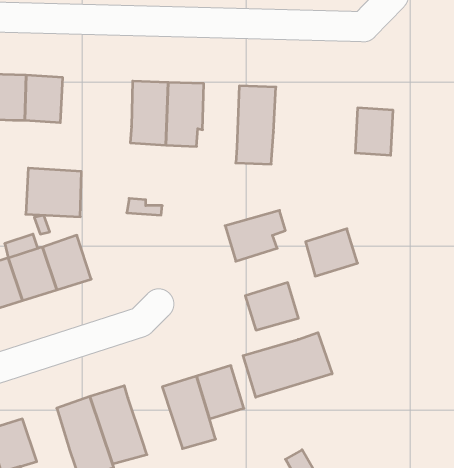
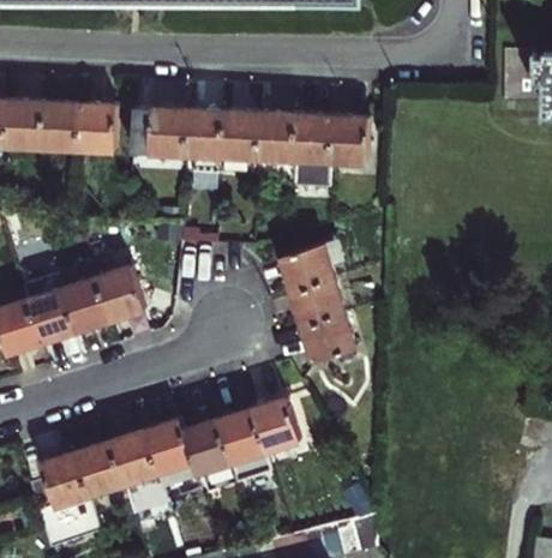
building: none -> [256,112,294,176]
building: [355,108,393,155] -> [329,115,367,163]
building: [26,168,81,217] -> [130,106,186,155]
building: [306,229,358,276] -> [290,278,343,326]
building: [243,333,332,397] -> none
building: none -> [181,419,236,491]
building: none -> [74,440,122,494]

